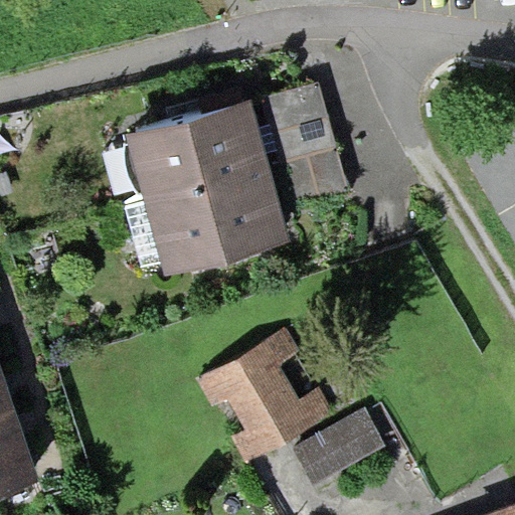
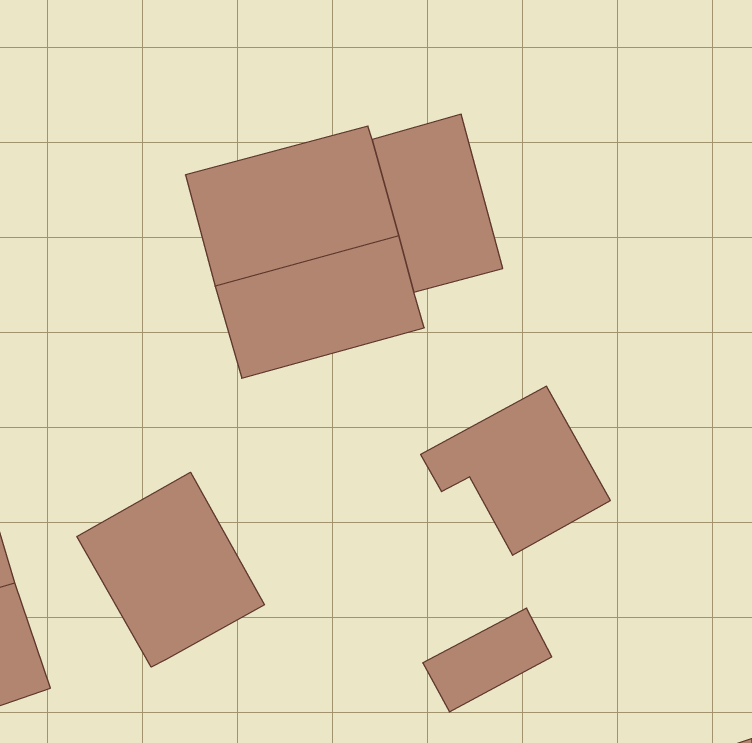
building: none -> [77,472,264,667]
building: [193,342,322,457] -> [421,386,610,555]

